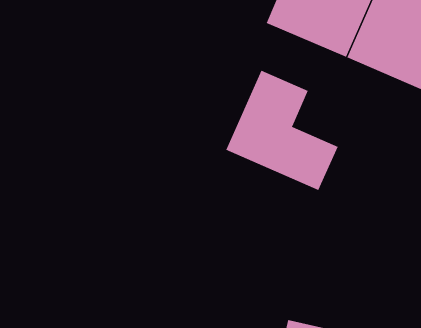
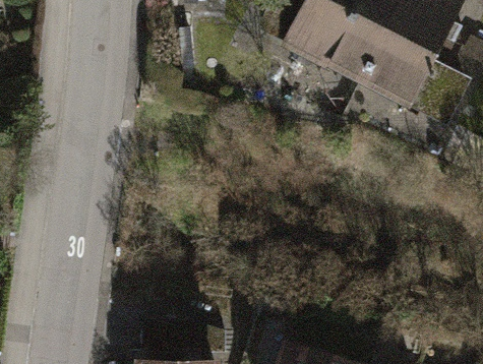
building: [226,70,338,191] -> none

